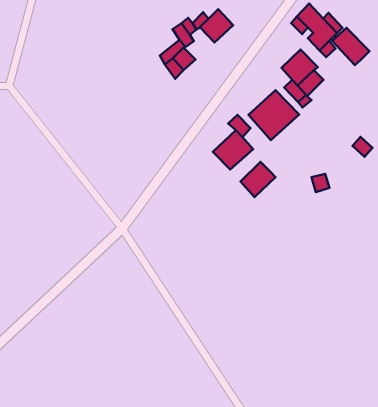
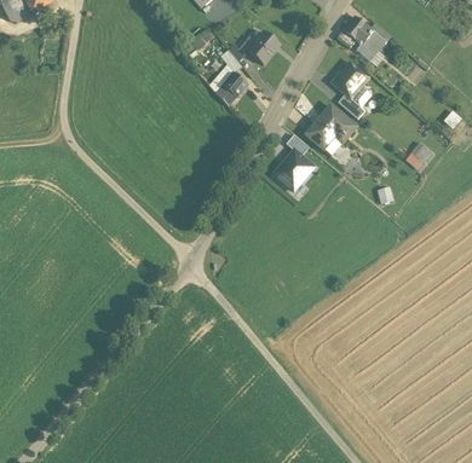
building: [332,28,369,65] -> none
building: [240,162,276,197] -> none

